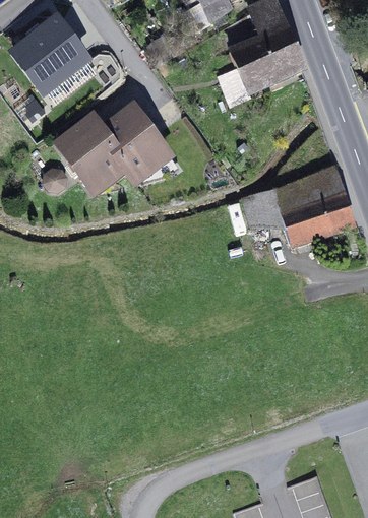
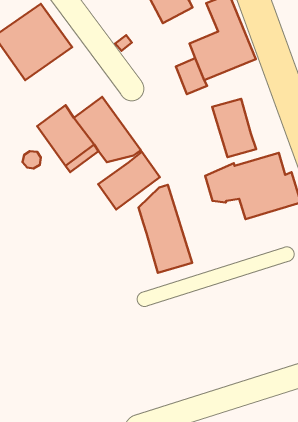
building: none -> [212,99,256,157]
building: none -> [98,152,160,210]
building: none -> [139,185,192,273]

